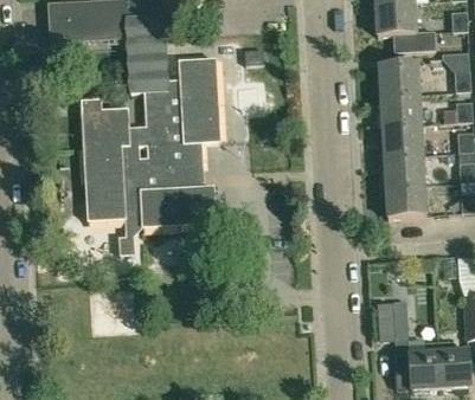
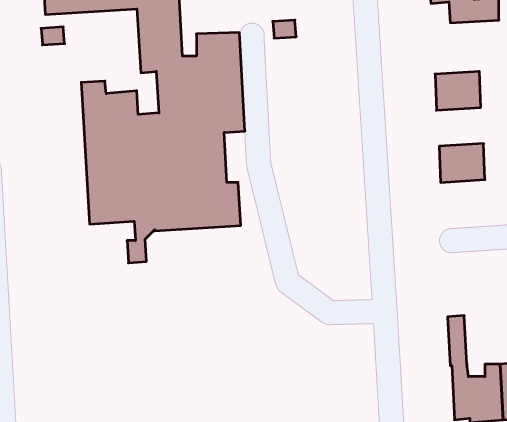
building: [379,62,419,95] -> none
building: [383,123,423,156] -> none
building: [386,185,426,219] -> none

